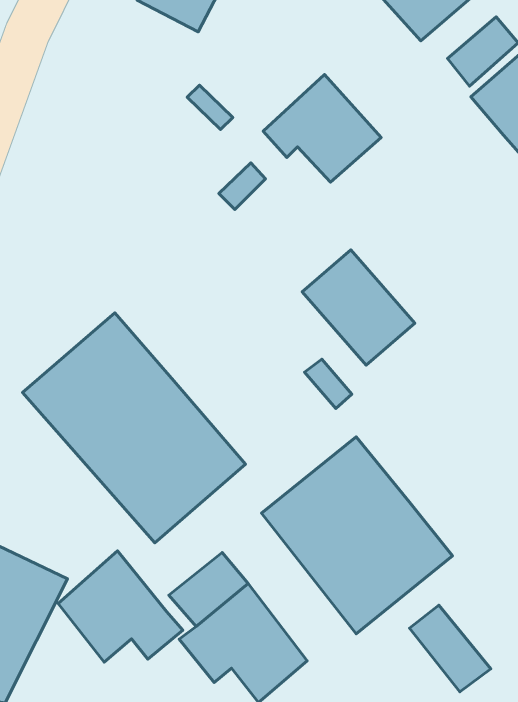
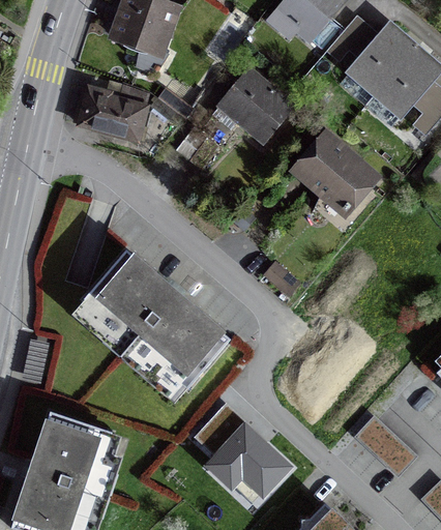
building: none -> [78,87,148,140]
building: [302,250,415,365] -> [294,136,374,212]
building: [261,437,453,634] -> none
building: [58,551,183,662] -> none

